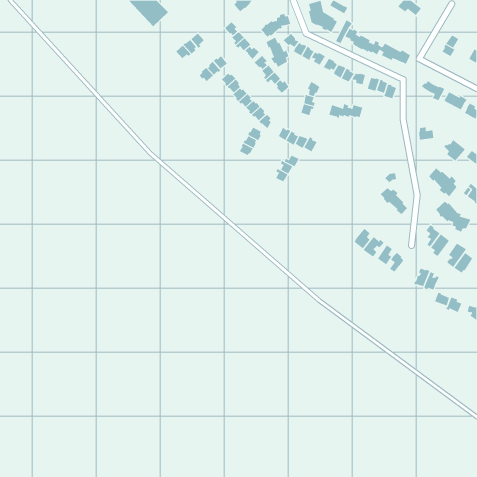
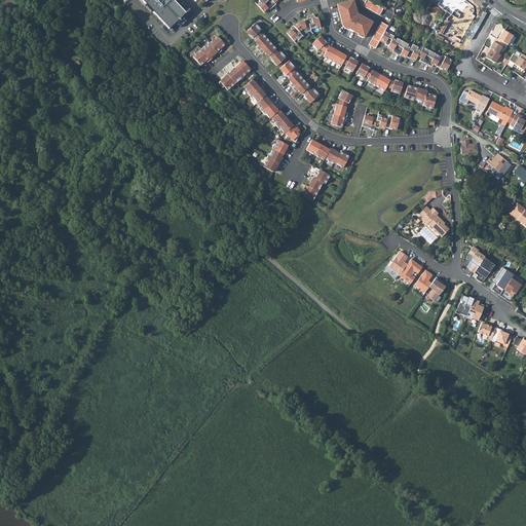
building: [266,37,289,68] -> none
building: [428,167,457,197] -> none
building: [436,201,471,232] -> none

